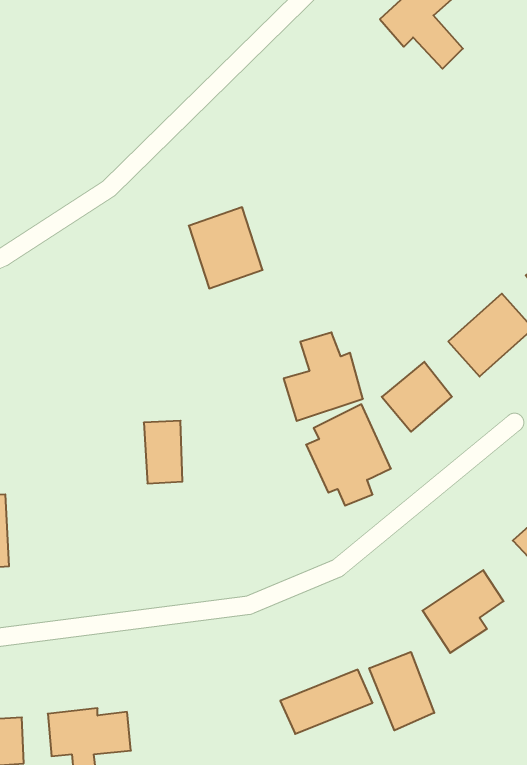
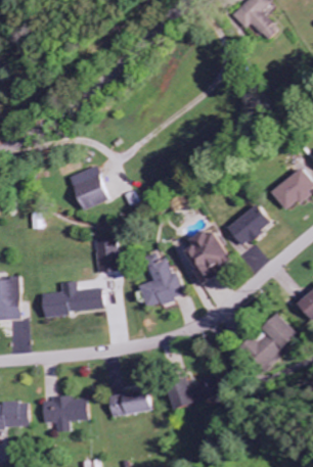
building: [189,207,263,288] -> [66,166,107,211]
building: [284,332,363,421] -> [138,260,182,309]
building: none -> [43,281,103,316]
building: [369,652,434,730] -> none
building: none -> [109,389,150,416]

